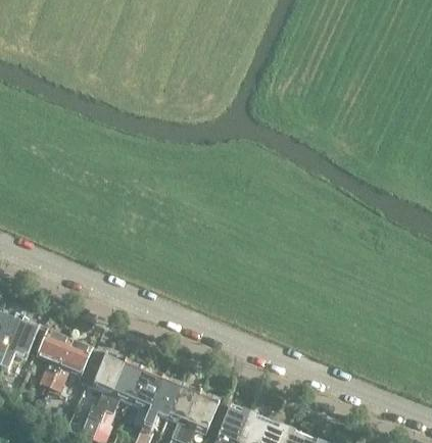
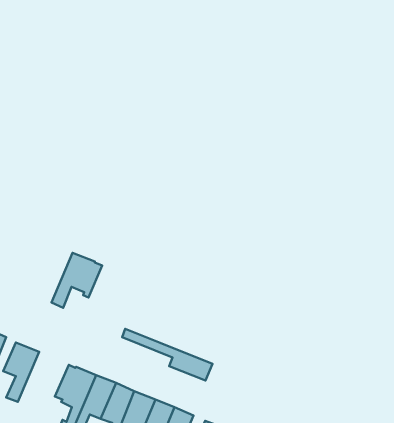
building: none -> [122,329,213,380]
building: [49,341,98,394] -> [51,253,102,308]

